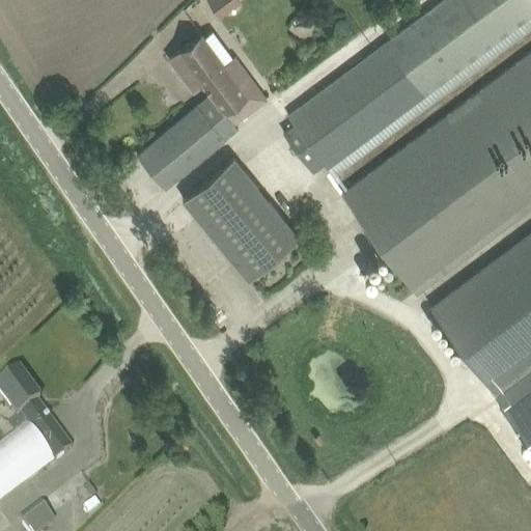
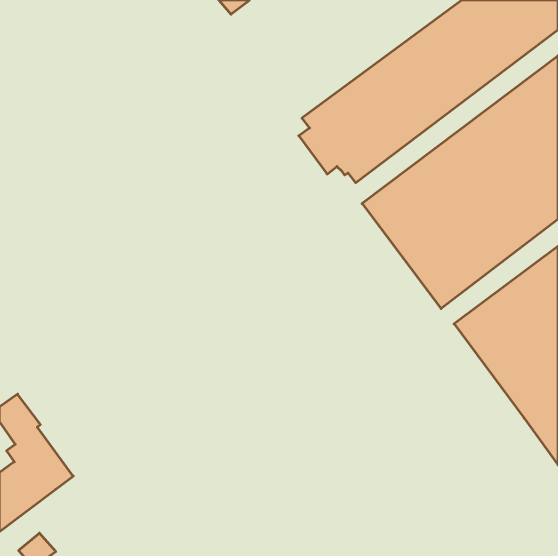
building: [137,36,263,190] -> none
building: [181,158,299,281] -> none

